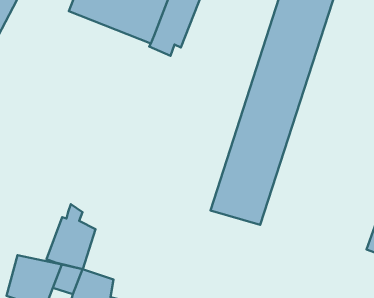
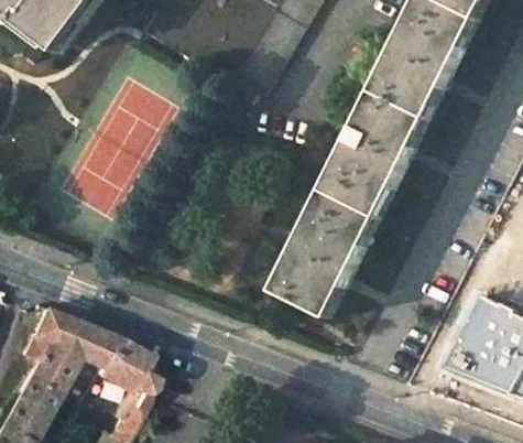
building: [47,204,96,269] -> none

